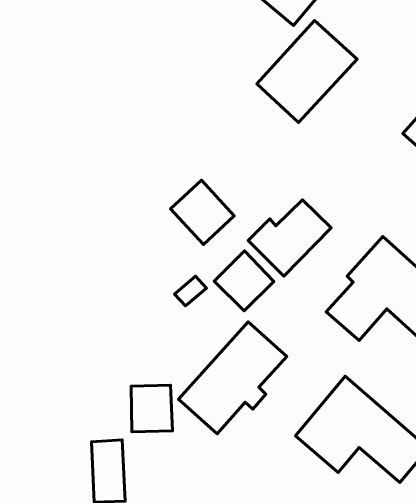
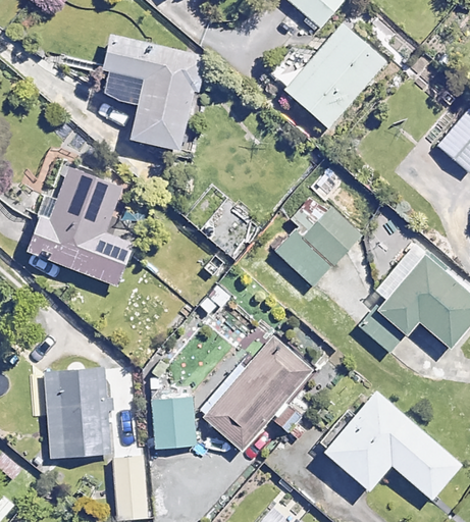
building: none -> [103,38,207,151]
building: none -> [25,168,132,286]
building: [214,251,274,311] -> none
building: none -> [46,369,113,457]

